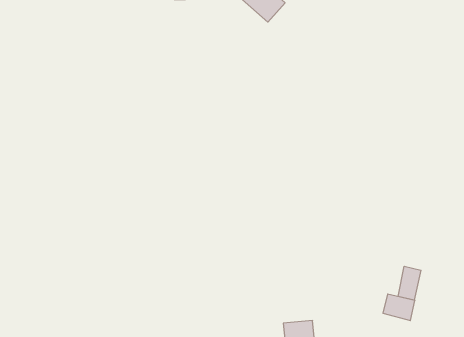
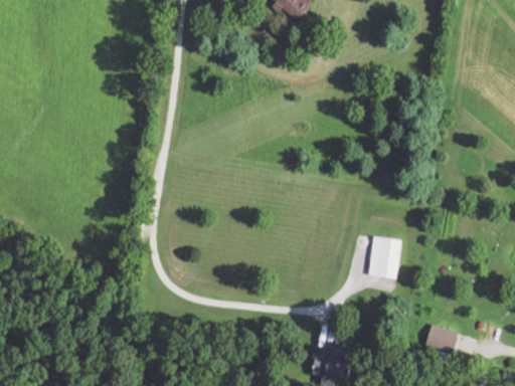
building: none -> [368,236,399,278]
building: [398,266,421,300] -> none

